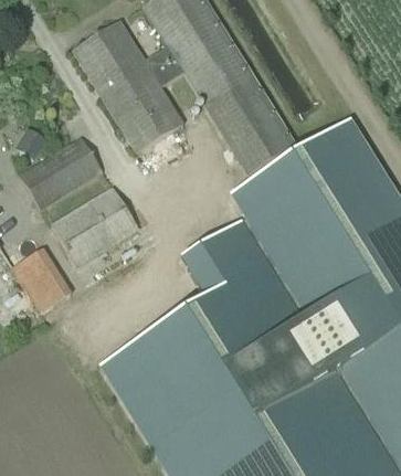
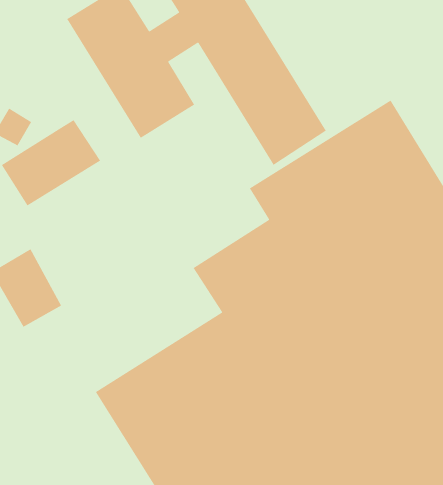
building: [51,186,140,266] -> none

